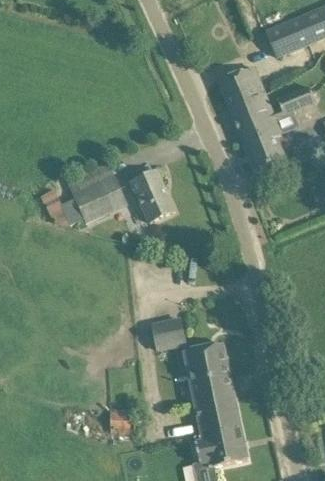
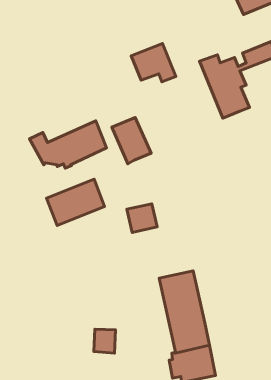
building: [218,66,268,109] -> [131,43,176,82]
building: none -> [47,179,105,226]
building: [152,317,186,349] -> [127,204,157,232]

